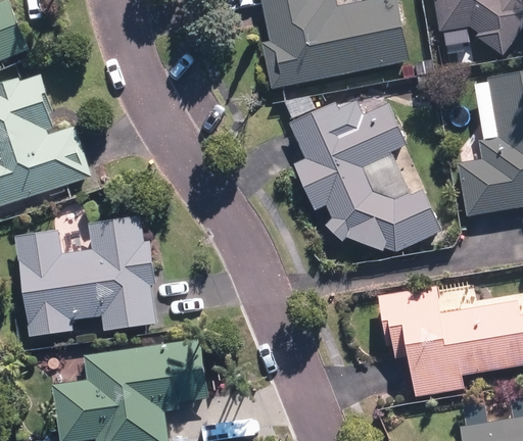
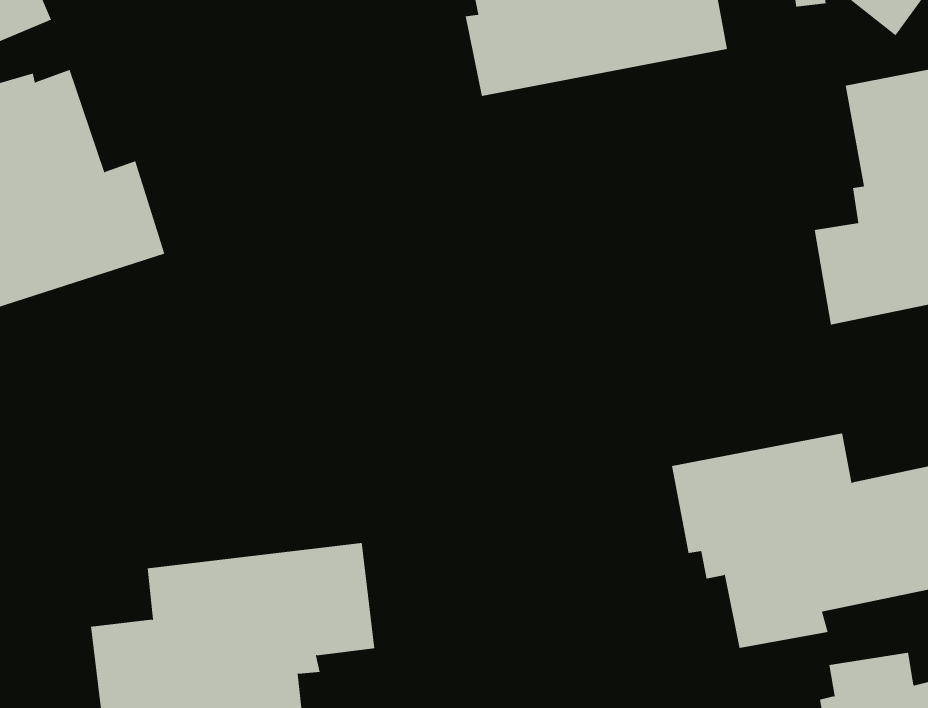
building: [283,87,443,253] -> none
building: [15,217,158,339] -> none

